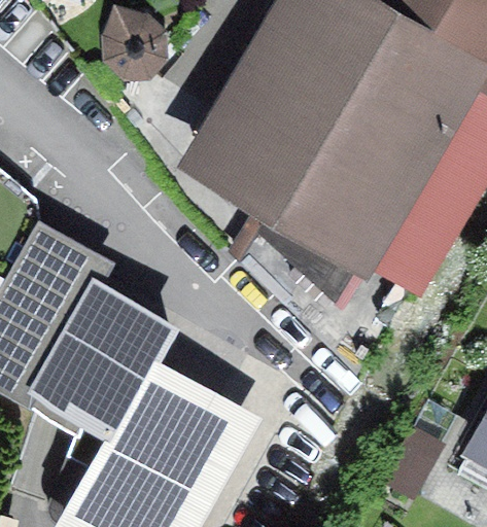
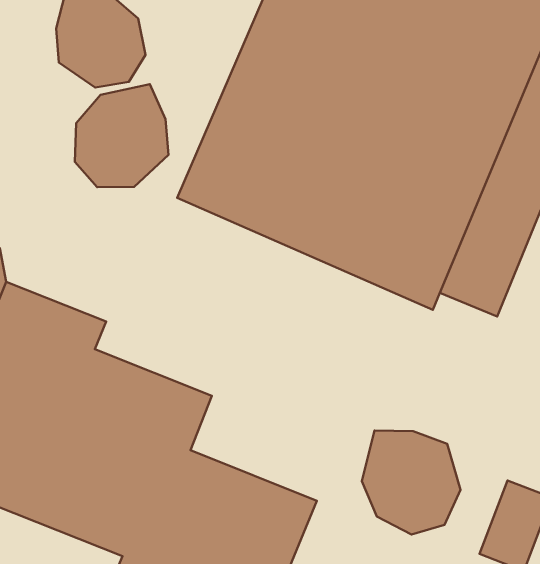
building: none -> [75,84,168,187]
building: none -> [362,430,461,535]

